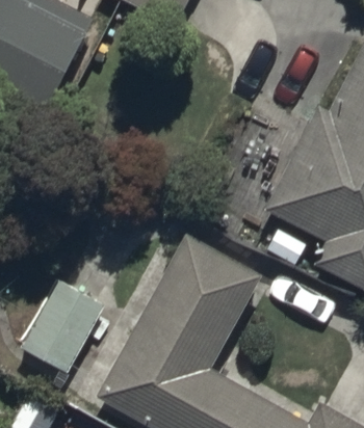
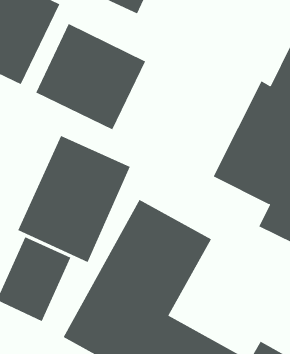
building: none -> [36,23,146,130]
building: none -> [18,135,131,263]

